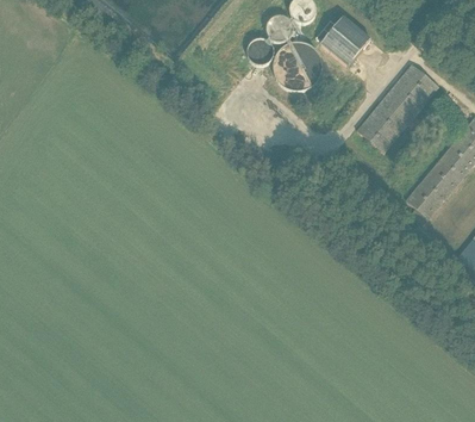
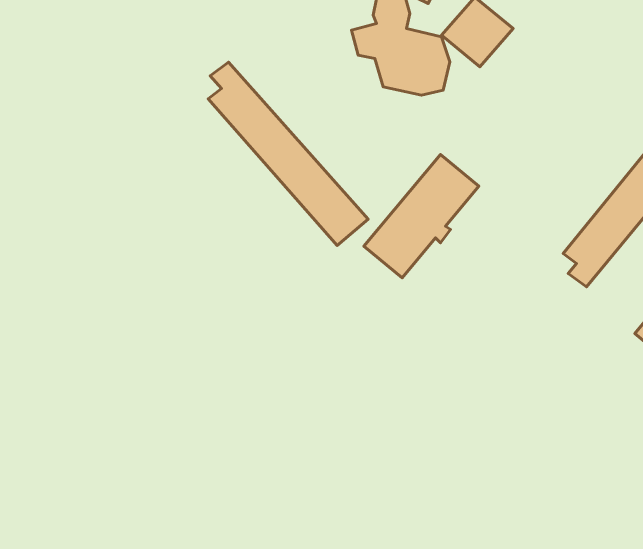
building: none -> [208,62,368,245]
building: [355,63,437,151] -> [364,154,479,278]

